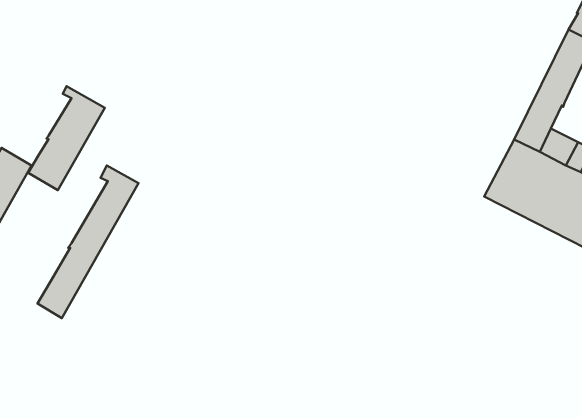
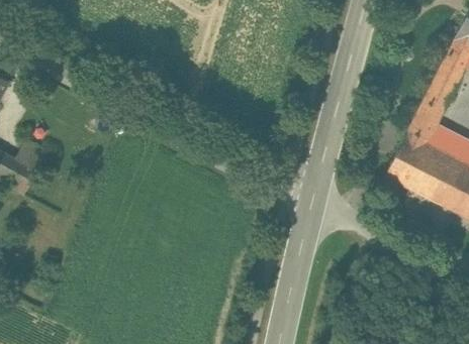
building: [28,86,105,190] -> none
building: [37,166,139,318] -> none

